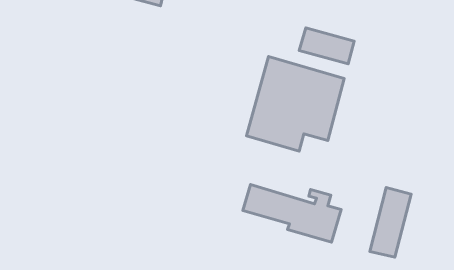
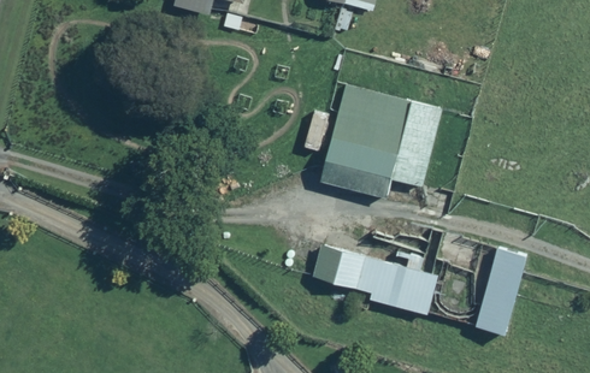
building: [299,28,354,64] -> none

